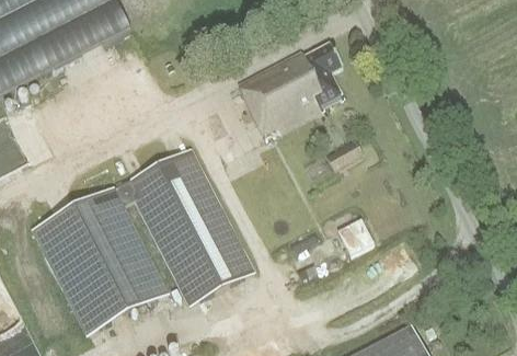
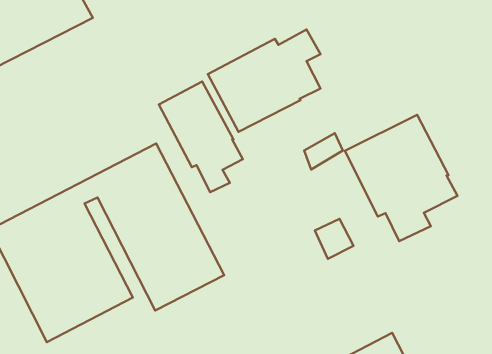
building: none -> [159,82,243,192]
building: none -> [345,115,457,241]

